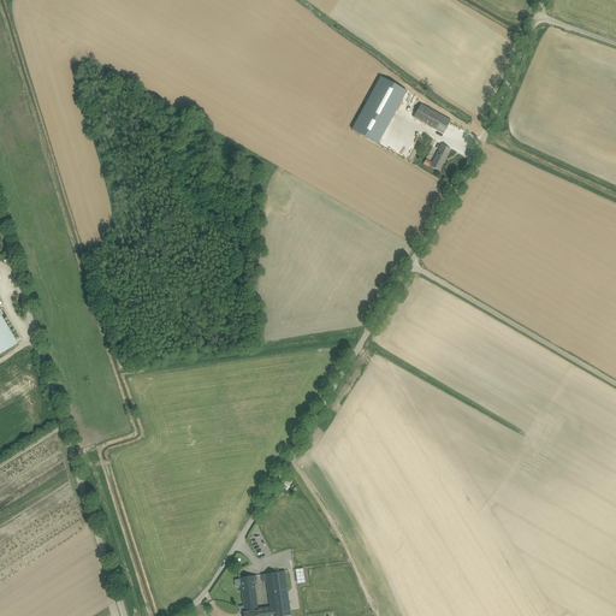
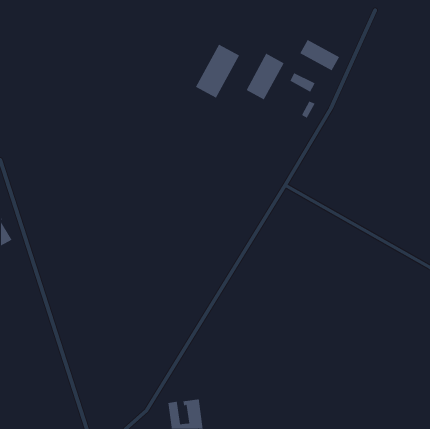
building: none -> [300,39,340,71]
building: none -> [195,44,240,99]

